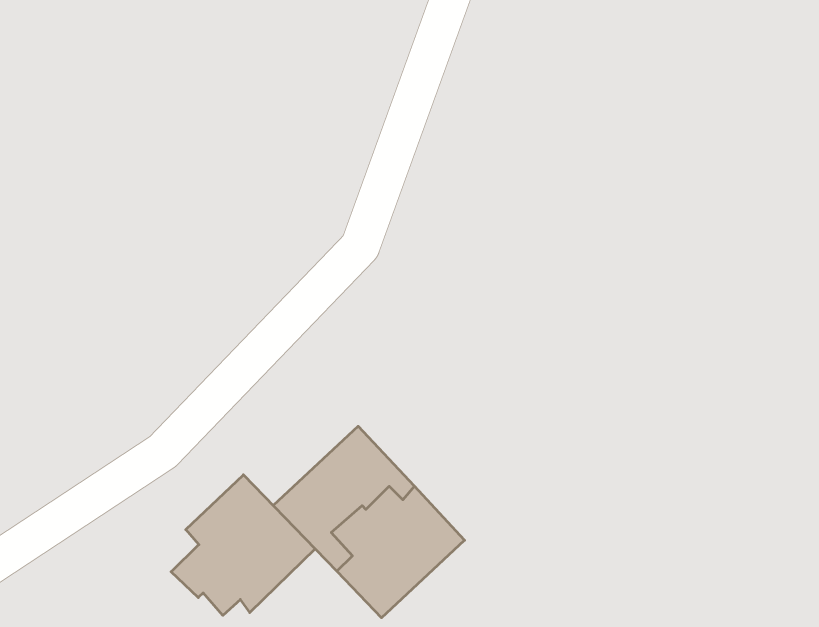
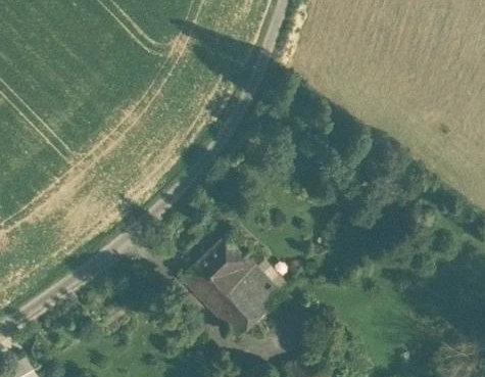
building: [171,475,315,615] -> none

